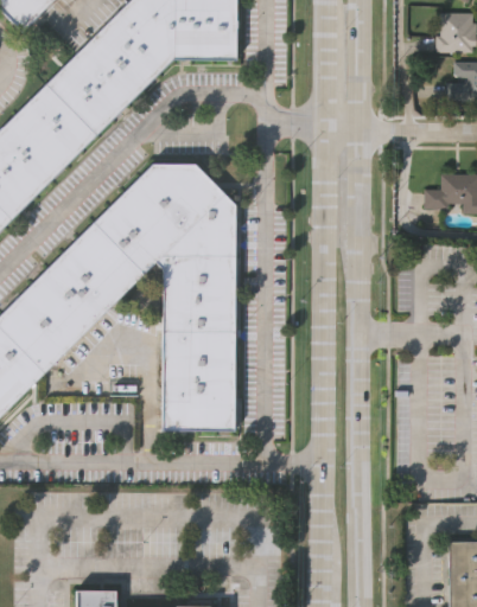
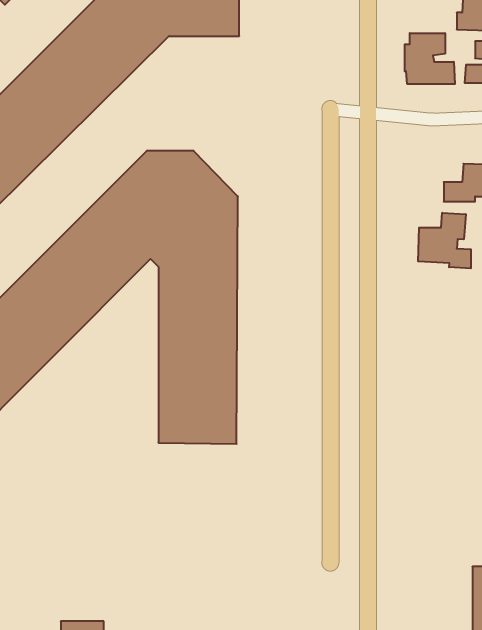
building: none -> [405,33,455,84]
building: none -> [418,213,471,268]

